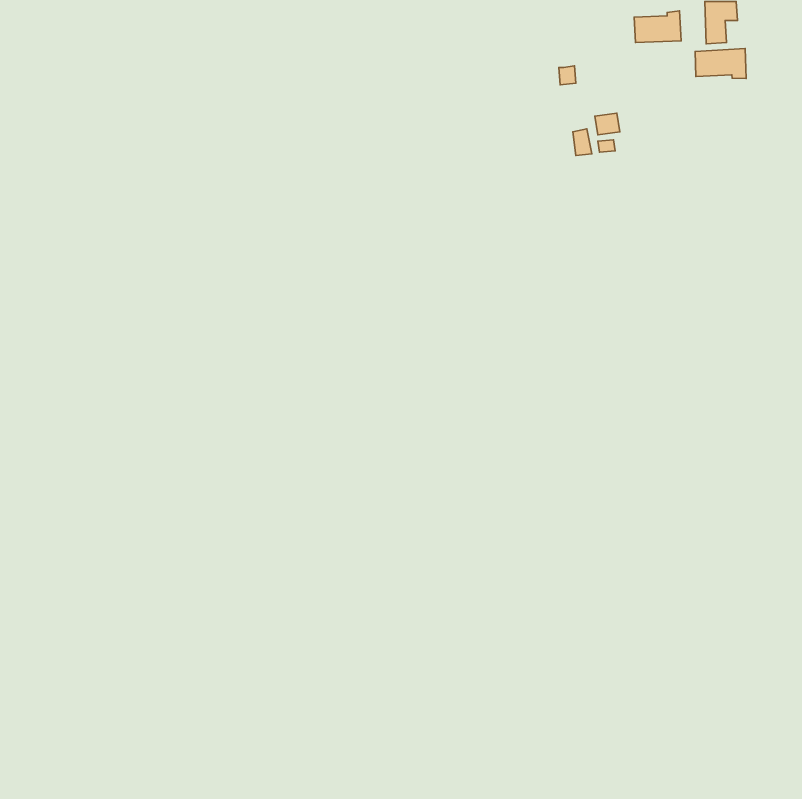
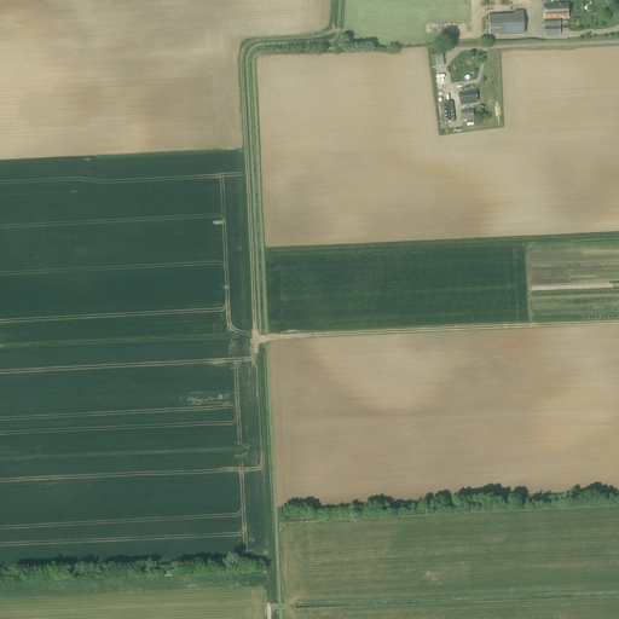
building: [695,49,746,79] -> none

